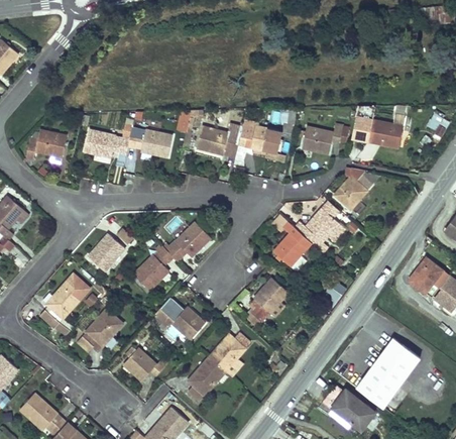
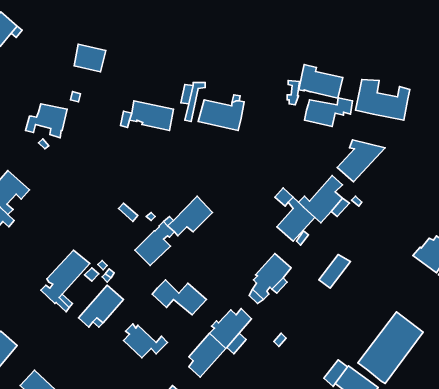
building: [239,120,282,153] -> [299,64,343,98]
building: [86,131,117,158] -> [74,44,106,72]
building: [89,234,125,271] -> none

